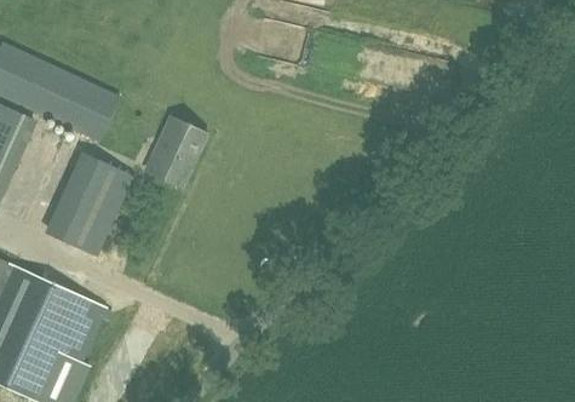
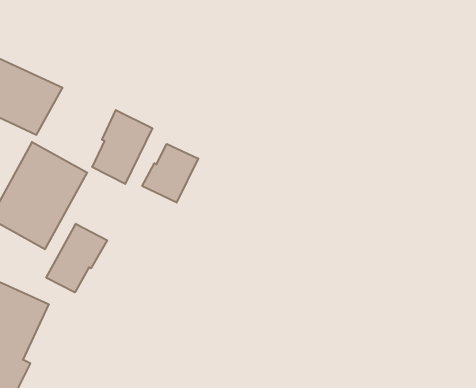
building: none -> [142,144,198,203]
building: none -> [46,224,107,292]

